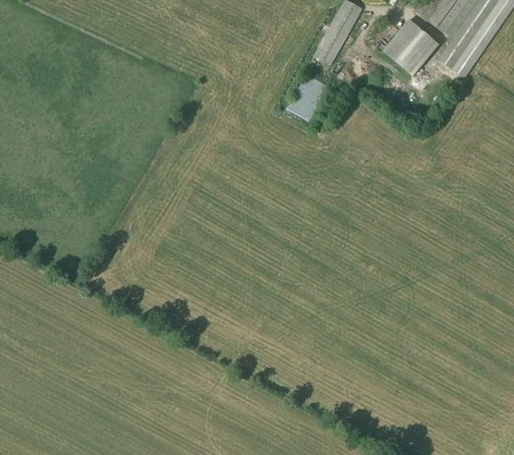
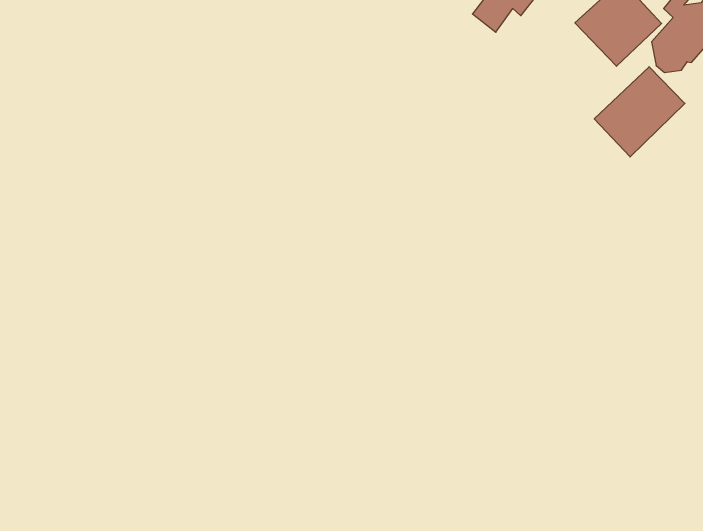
building: none -> [594,67,685,157]
building: [286,73,330,124] -> none

